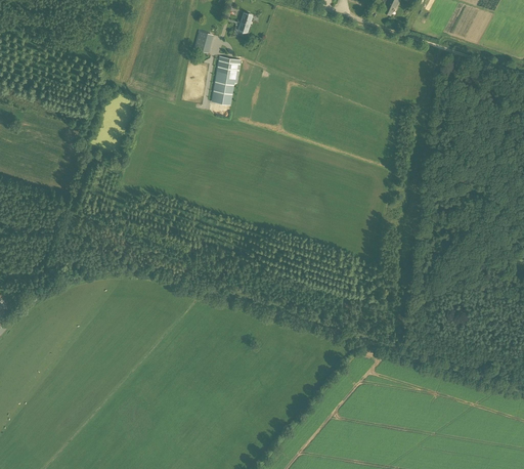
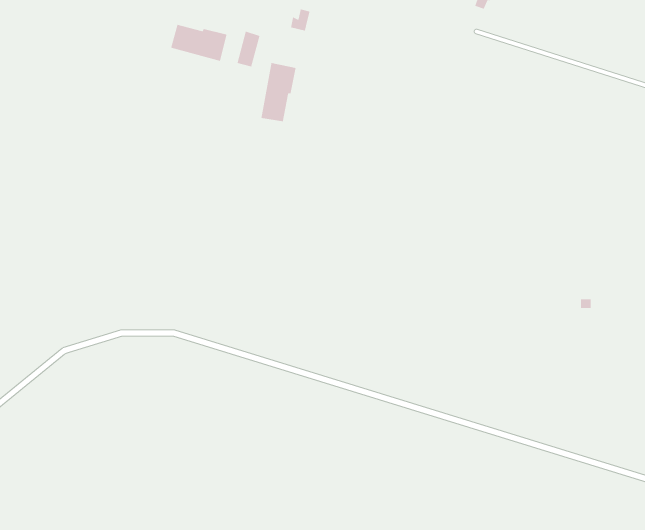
building: none -> [170,24,227,62]

